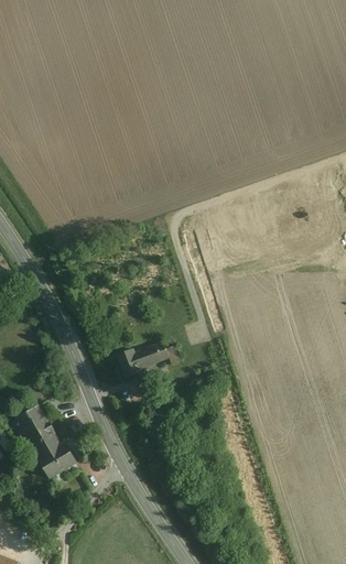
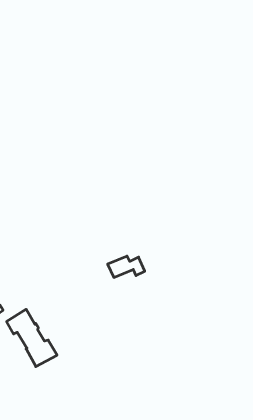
building: [118,347,150,377] -> none

